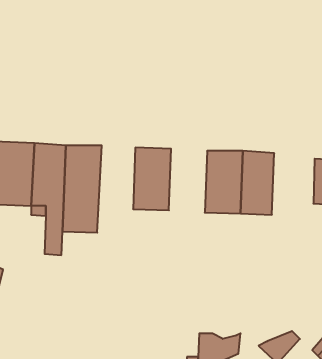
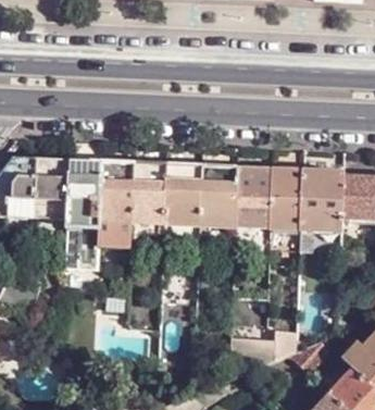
building: none -> [133,160,168,222]
building: none -> [201,163,238,225]
building: none -> [301,167,343,228]

